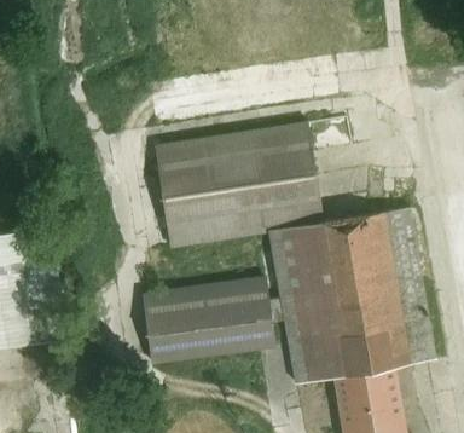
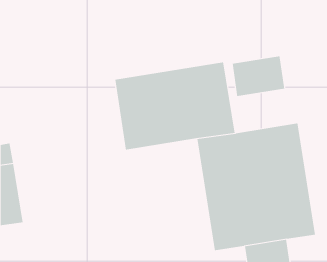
building: none -> [232,56,285,97]
building: [145,276,274,363] -> none

